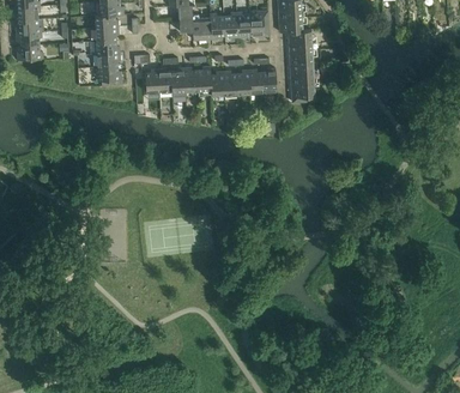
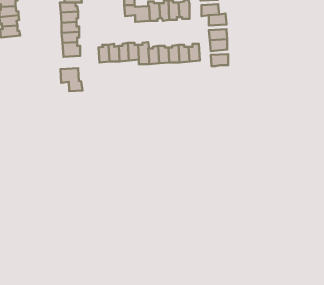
building: none -> [60,68,83,91]

